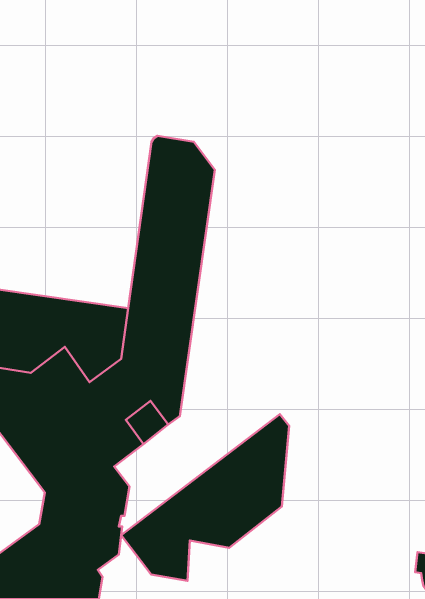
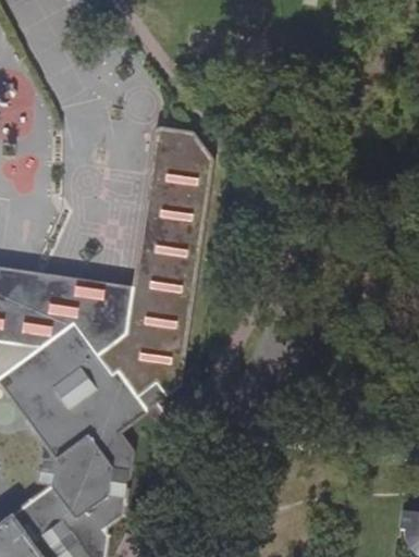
building: [121,414,289,581] -> none

